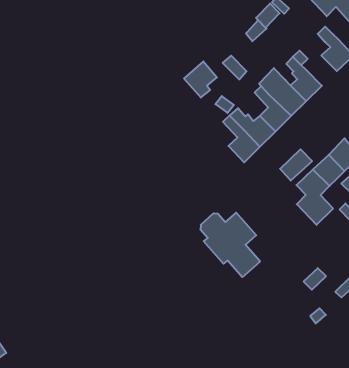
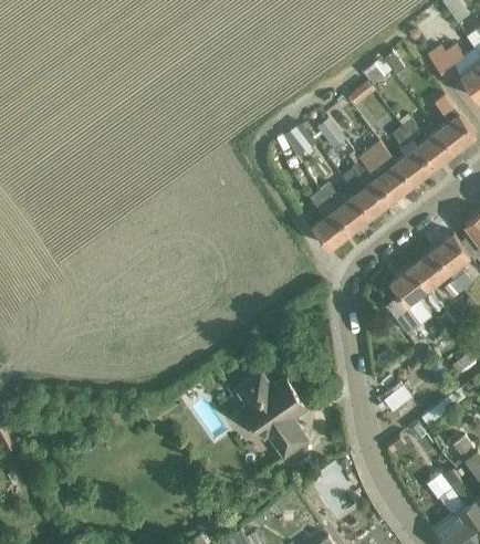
building: none -> [416,132,452,168]
building: [280,149,312,181] -> none
building: [200,213,260,277] -> [240,377,307,458]

